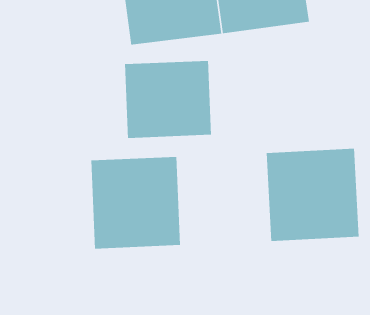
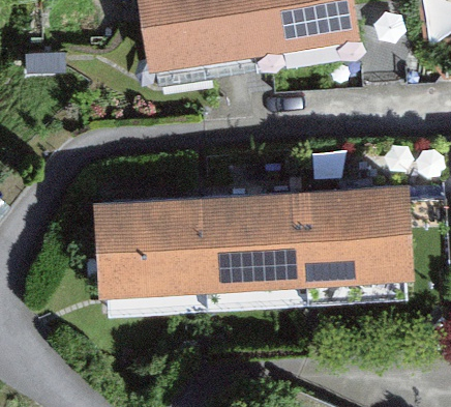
building: [124,60,212,139] -> none
building: none -> [199,193,302,295]

